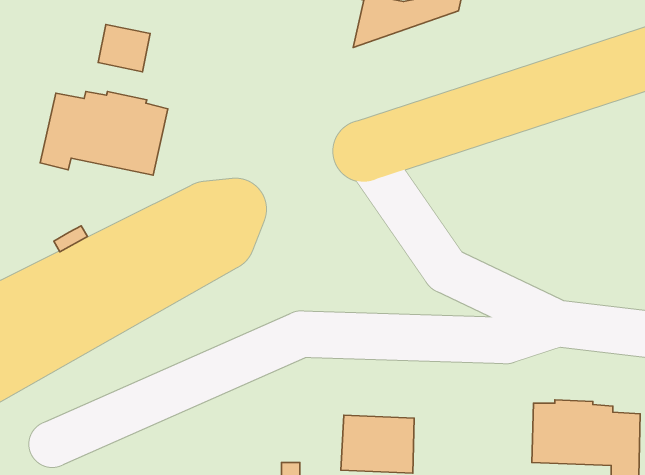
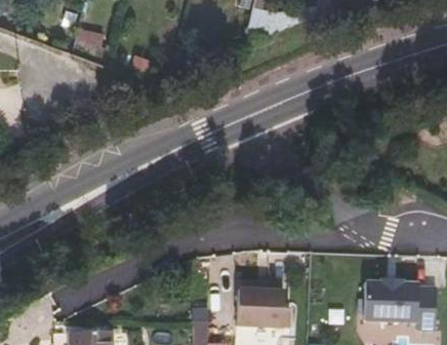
building: [40,92,168,175] -> none

